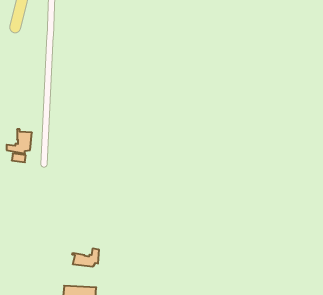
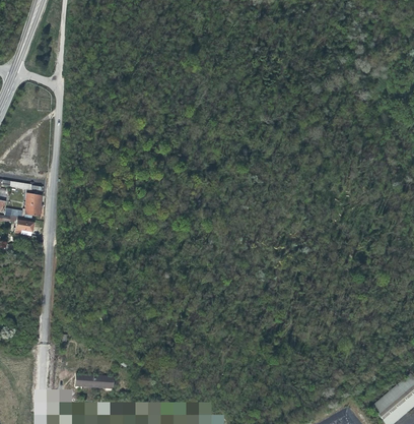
building: [72,248,99,267] -> none

